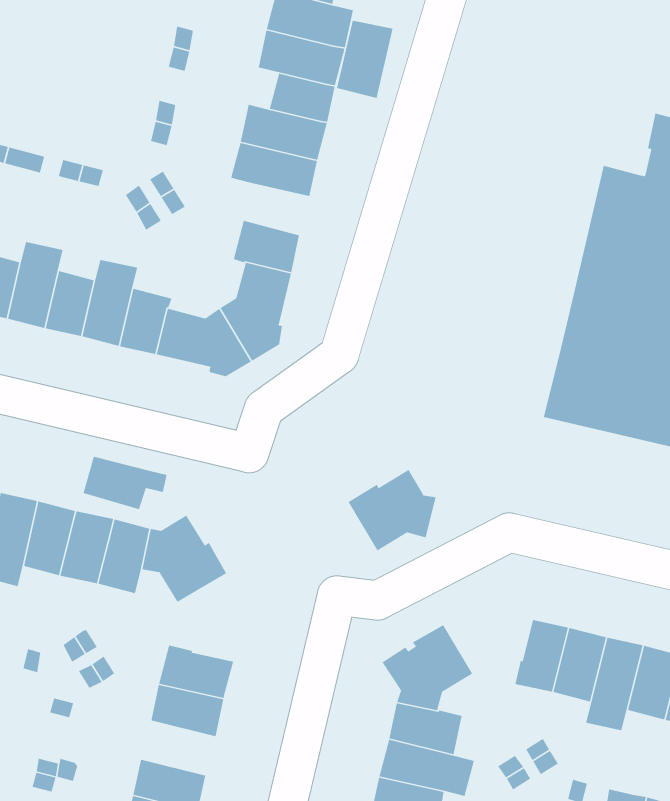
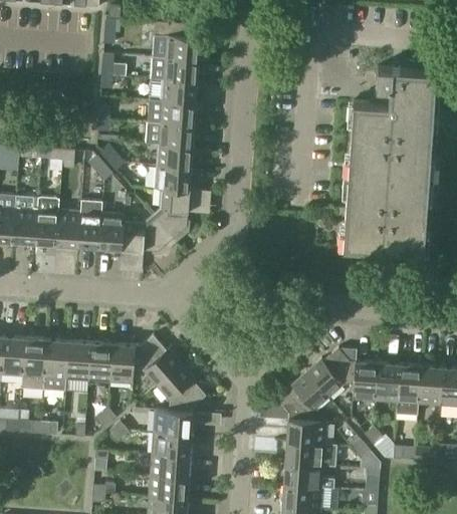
building: [336,20,394,99] -> none
building: none -> [157,145,192,169]
building: [82,456,168,510] -> none
building: [348,469,437,552] -> [306,348,356,398]
building: none -> [156,364,206,413]
building: none -> [150,454,190,479]

